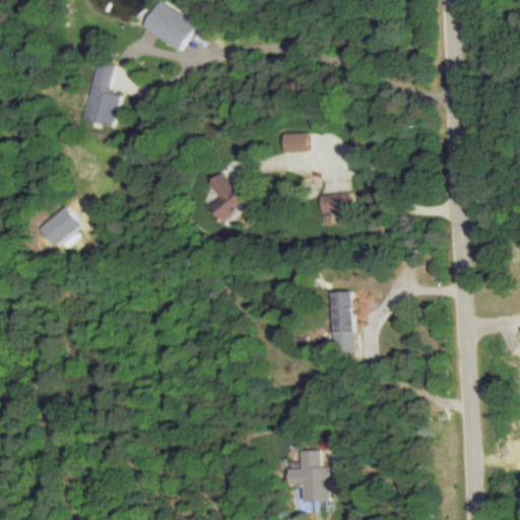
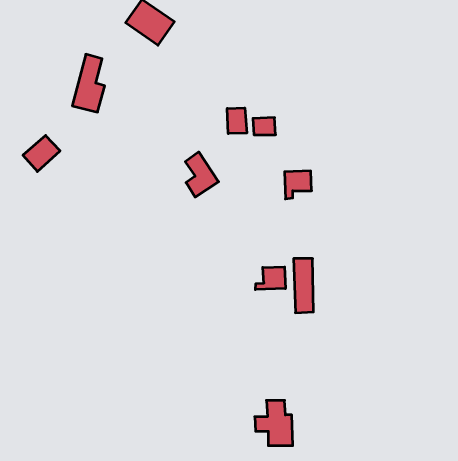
building: none -> [227,108,247,134]
building: [38,206,79,247] -> [23,135,60,172]
building: none -> [255,267,285,290]

